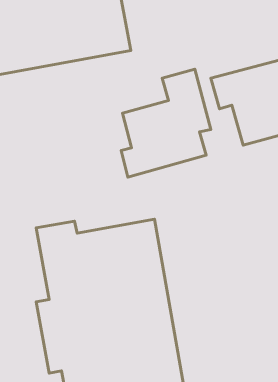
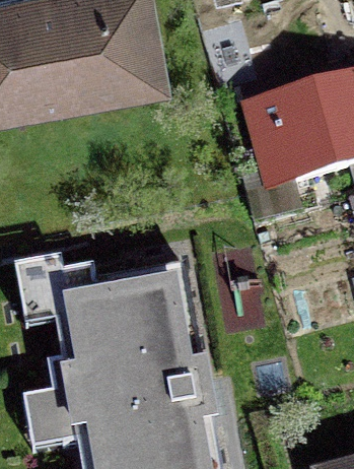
building: [121,69,211,177] -> none

